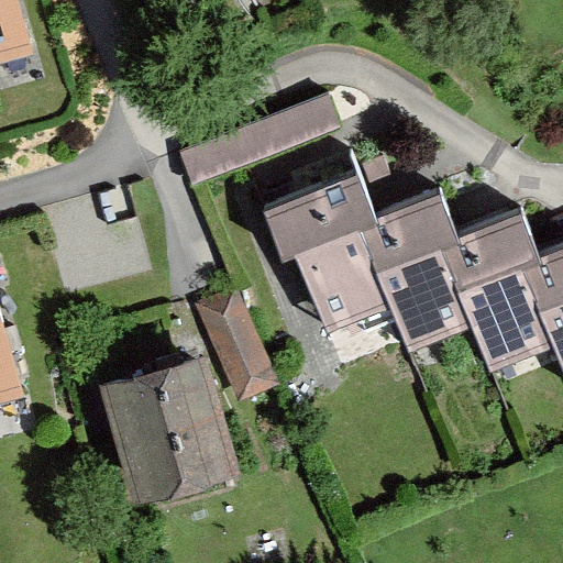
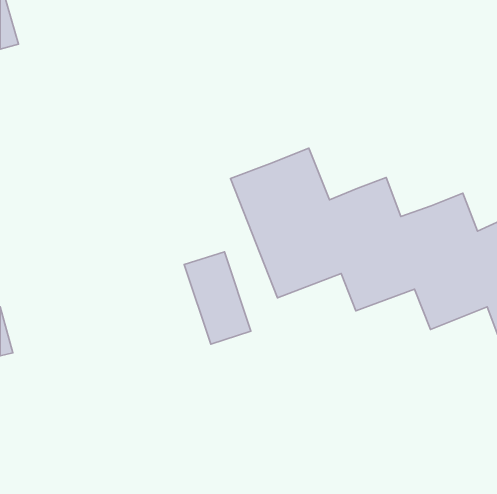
building: [91,356,238,507] -> none

